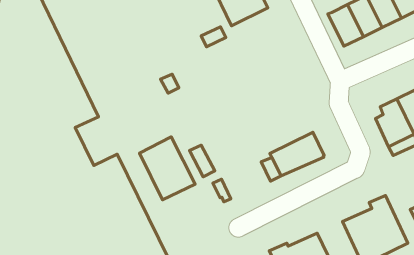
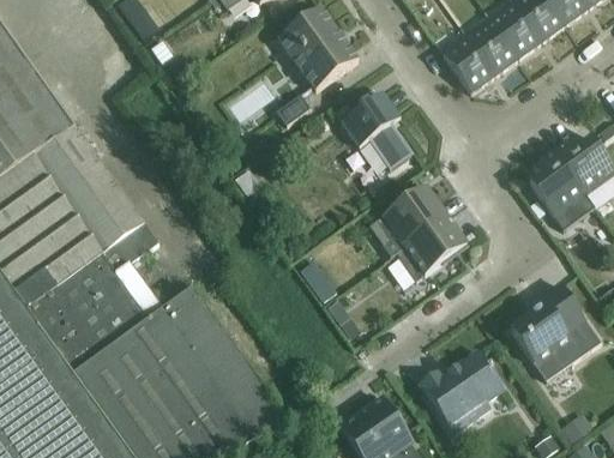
building: none -> [339,92,414,169]
building: none -> [368,185,447,257]
building: [139,137,195,200] -> none

